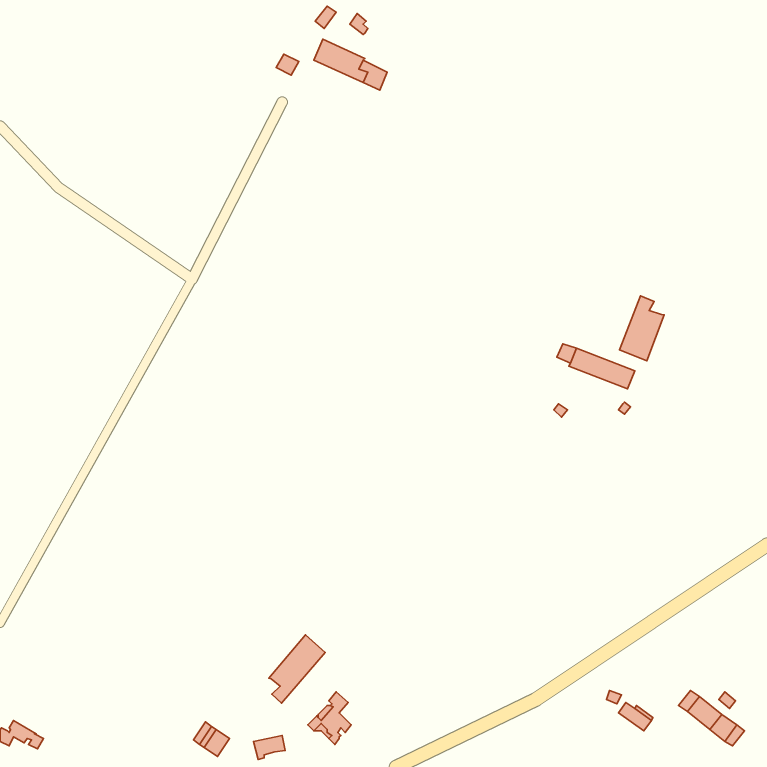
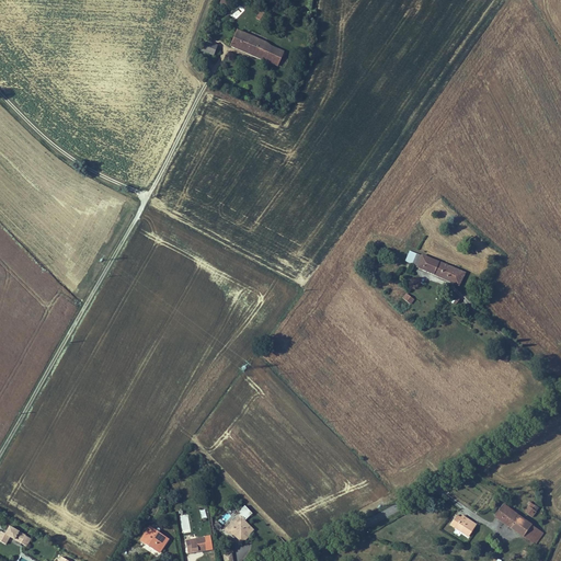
building: [620,296,664,361] -> none
building: [269,635,325,703] -> none

